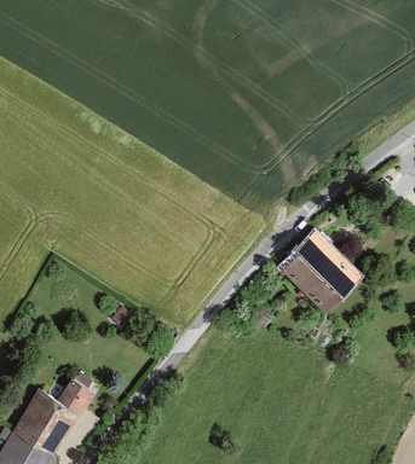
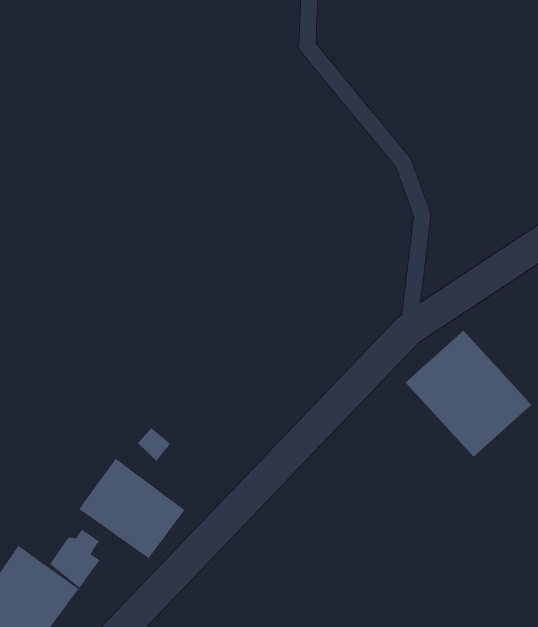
building: none -> [78,458,185,559]

